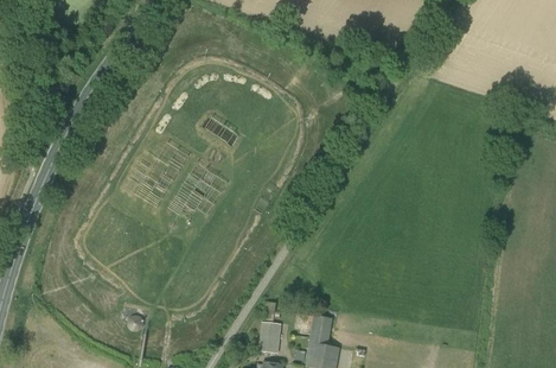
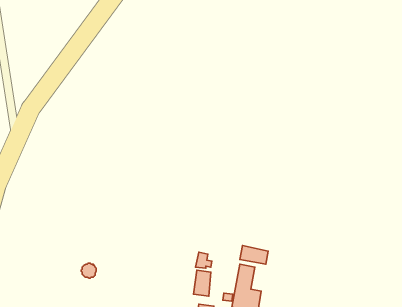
building: none -> [240,245,268,264]

